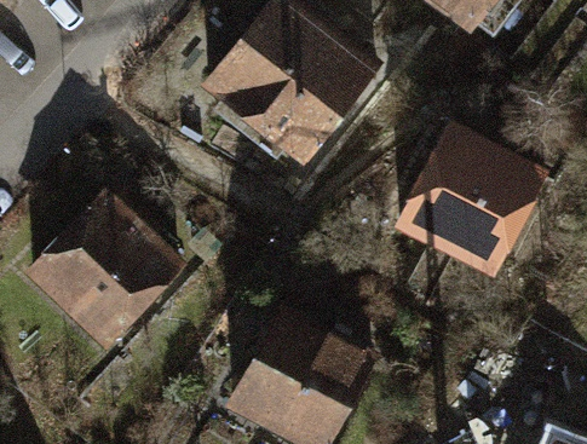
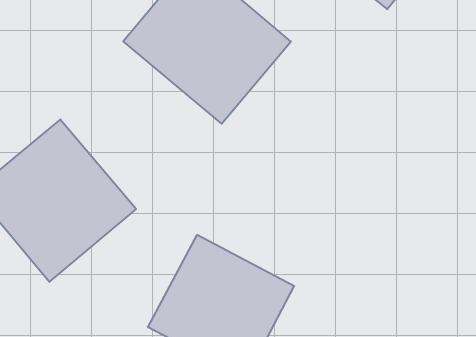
building: [384,113,547,278] -> none

